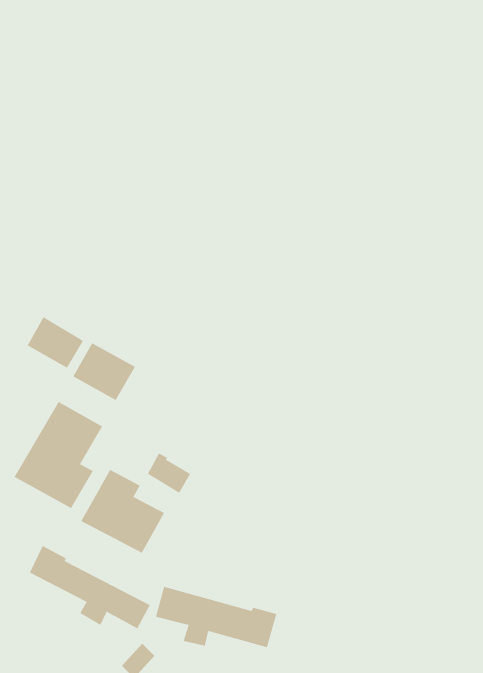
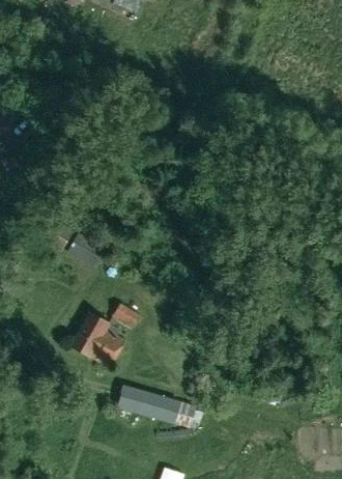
building: [14,401,103,509] -> none
building: [29,545,150,629] -> none

